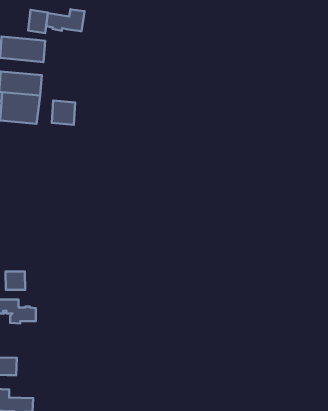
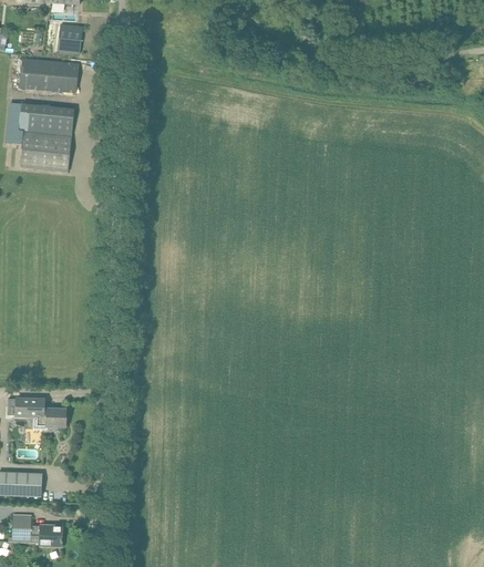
building: [46,9,85,31] -> none
building: [52,100,75,125] -> none
building: [6,272,25,290] -> none

